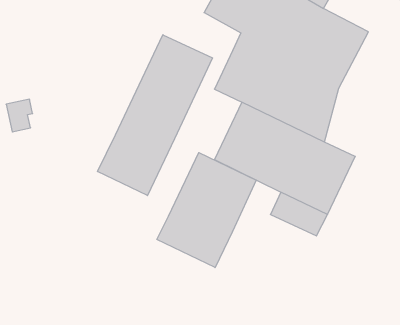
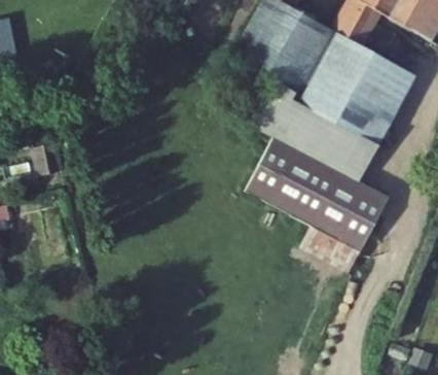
building: [98,35,212,196] -> none
building: [157,153,256,268] -> none

